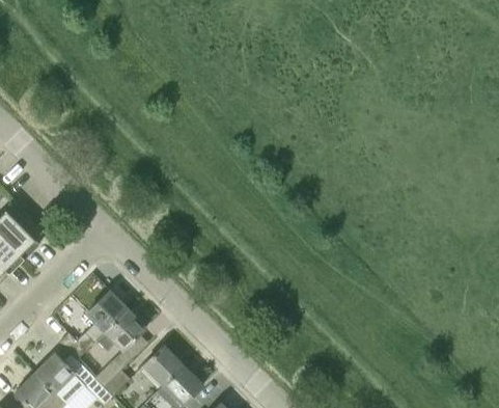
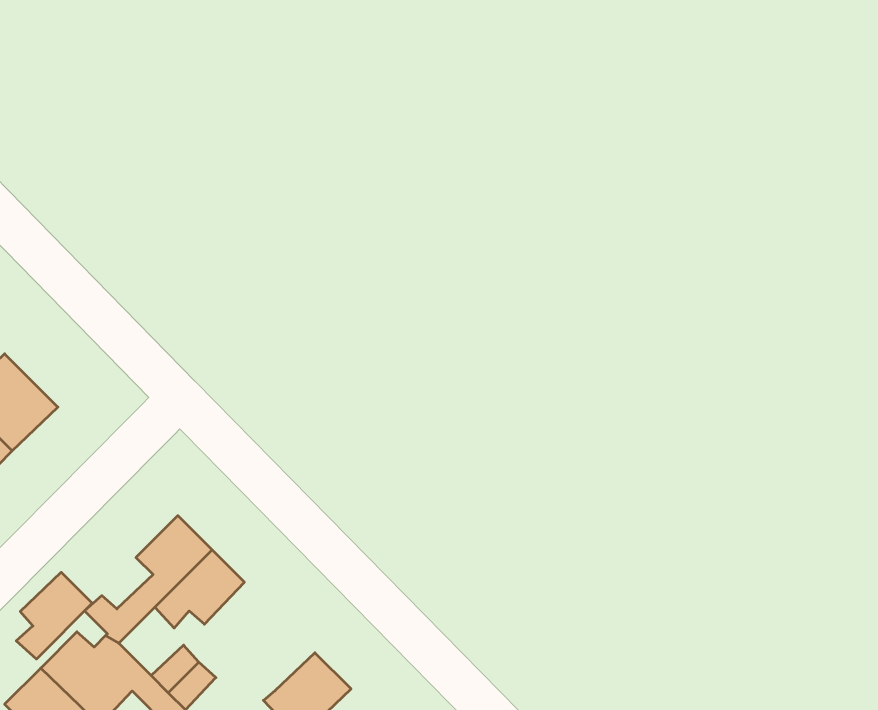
building: none -> [16,572,92,659]
building: [142,346,184,386] -> none

